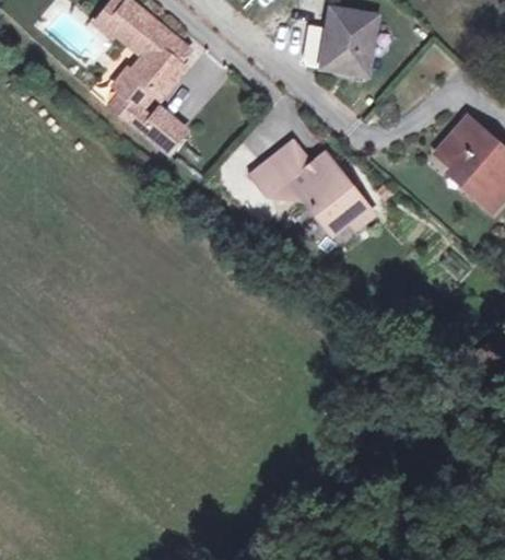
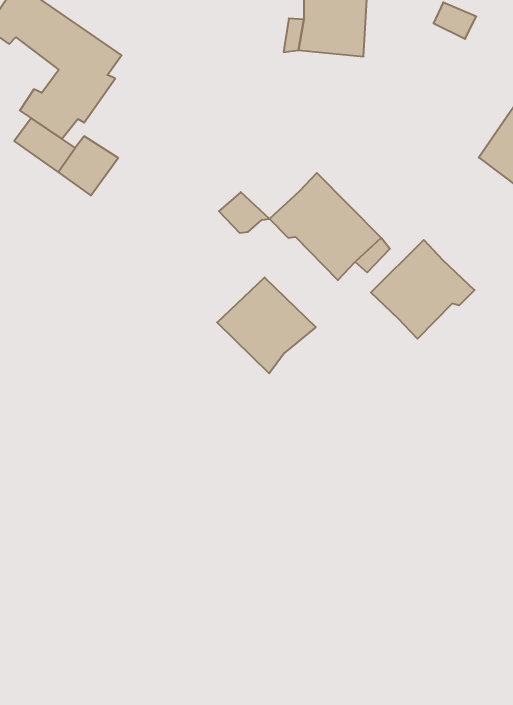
building: [267,140,309,182] -> none
building: none -> [371,240,475,339]
building: none -> [217,277,316,373]

